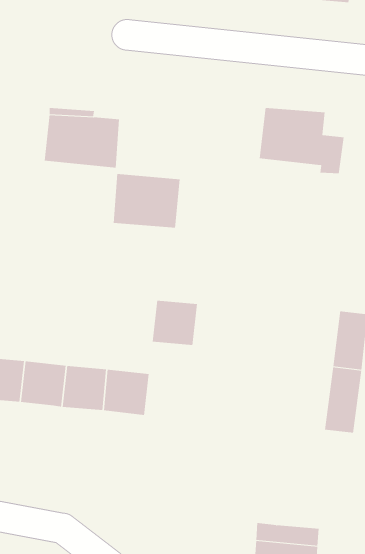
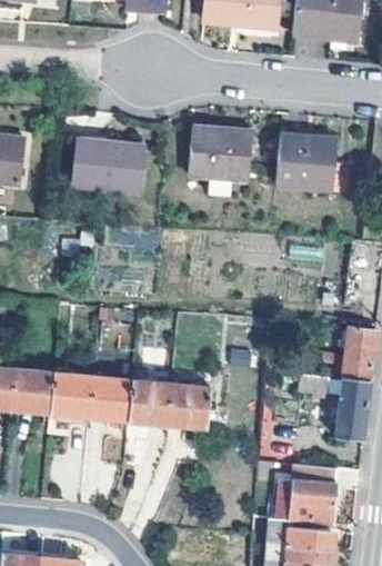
building: [113,173,181,228] -> [189,128,252,179]
building: [152,300,198,345] -> [167,386,210,428]
building: none -> [271,464,338,525]

